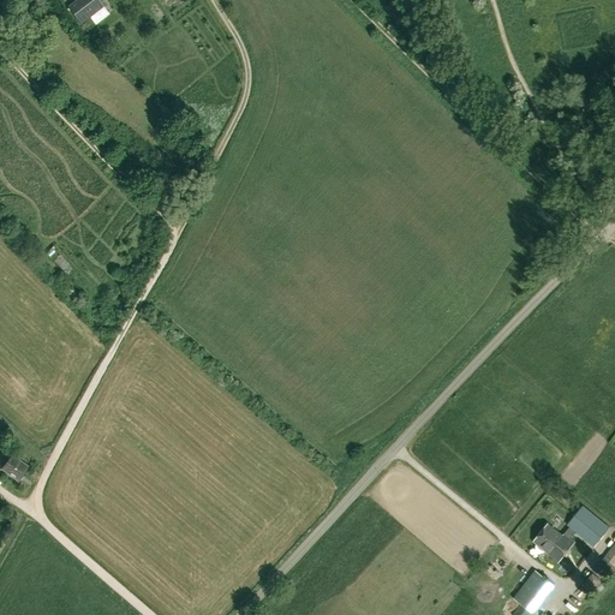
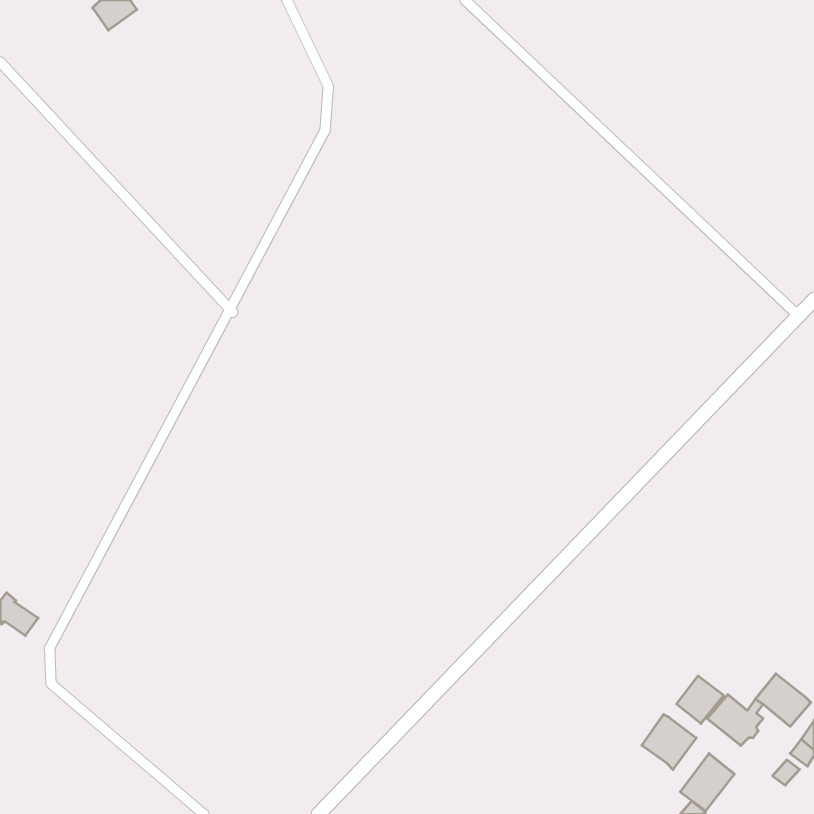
building: none -> [677,676,724,724]
building: none -> [642,714,696,770]

